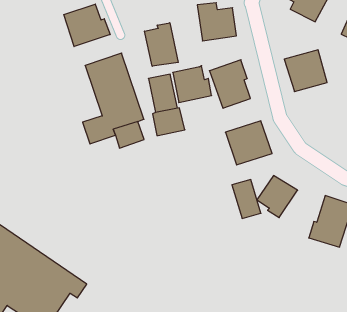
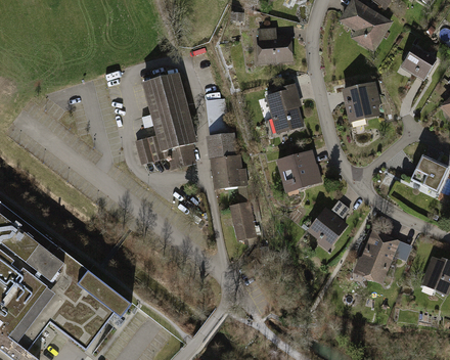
building: [64,4,110,47] -> none
building: [145,23,178,66] -> none
building: [173,66,212,103] -> [209,152,246,188]
building: [232,180,261,218] -> [228,199,256,238]

